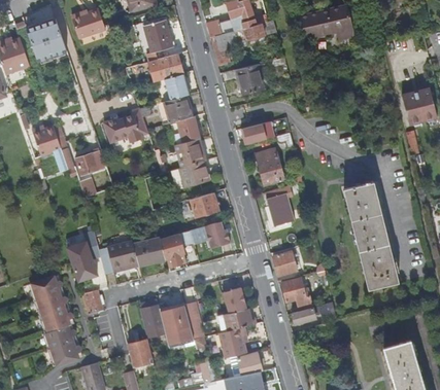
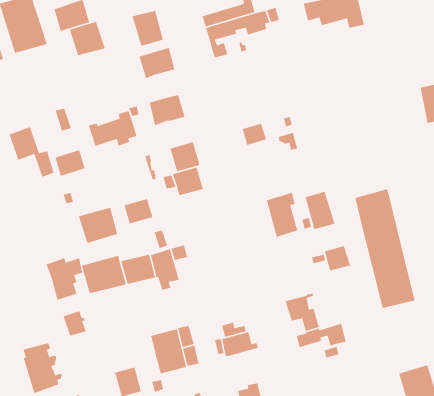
building: none -> [69,21,106,56]
building: [236,61,263,92] -> none
building: [164,74,189,100] -> none
building: [172,115,200,144] -> none
building: [256,147,283,182] -> [305,191,336,230]
building: [191,192,217,216] -> [123,198,153,225]
building: none -> [78,207,118,244]
building: [205,221,231,248] -> none
building: [272,250,297,274] -> [324,245,351,271]
building: [31,277,74,324] -> none
building: [141,307,165,336] -> none
building: [218,328,246,358] -> none

